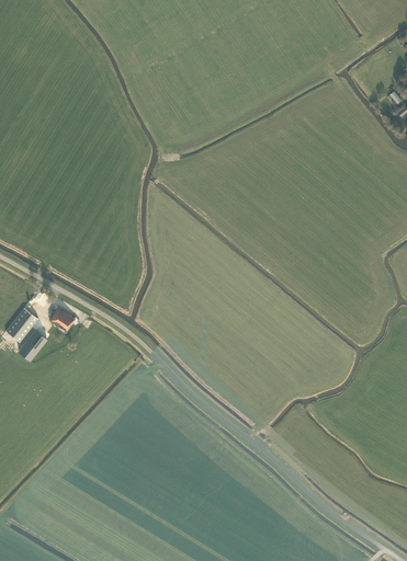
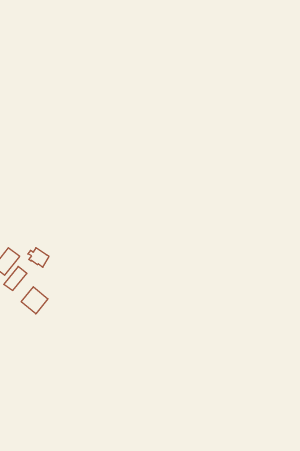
building: none -> [21,287,48,314]

